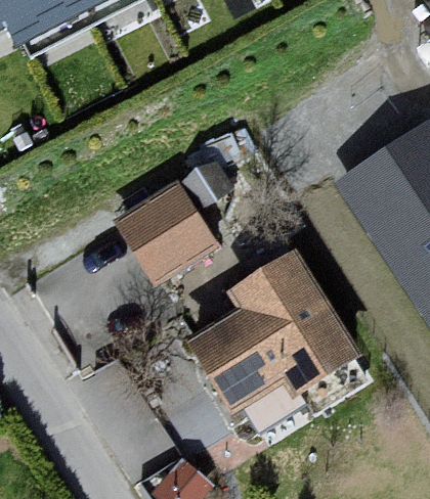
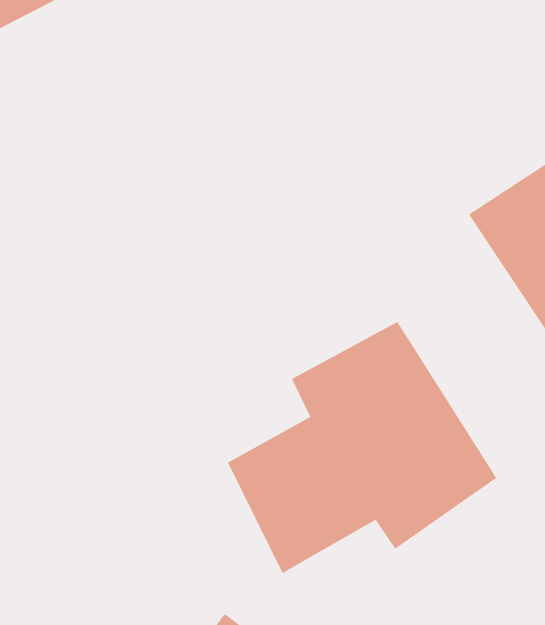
building: [112,184,213,284] -> none

